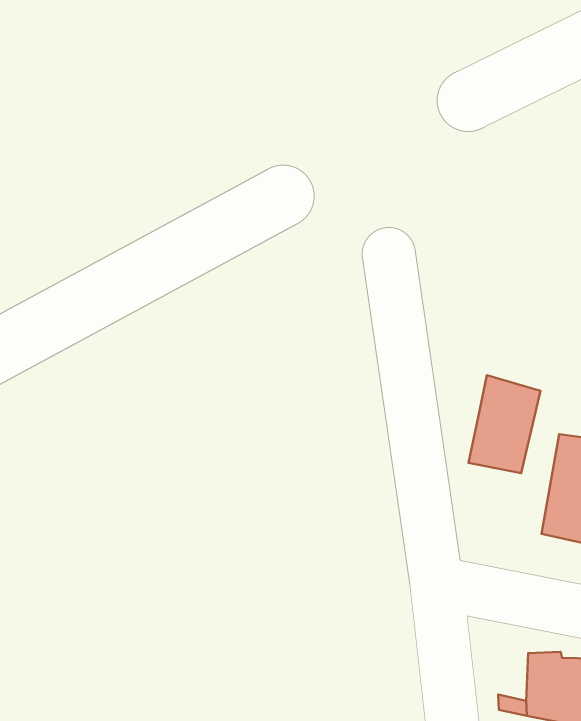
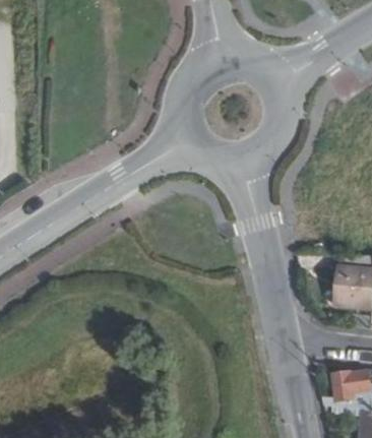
building: [469,375,541,473] -> none

